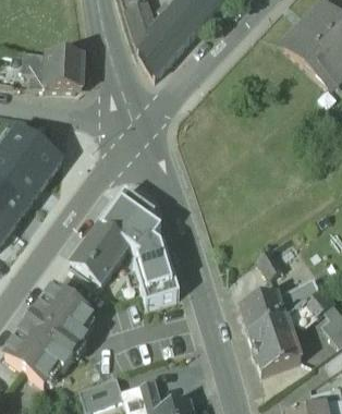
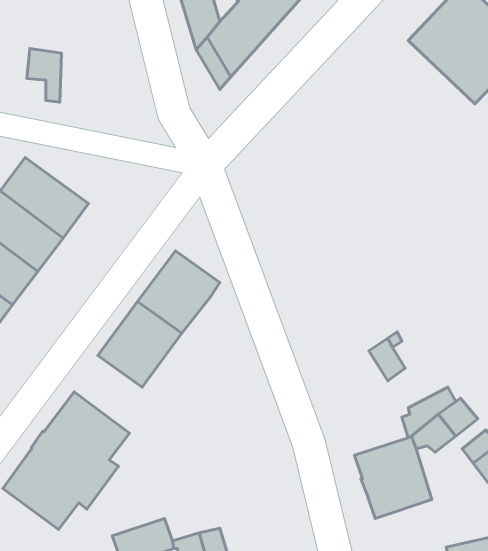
building: [45,51,84,87] -> none
building: [129,219,181,301] -> none
building: [239,291,284,328] -> none

